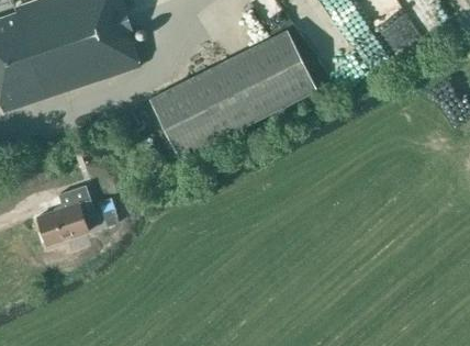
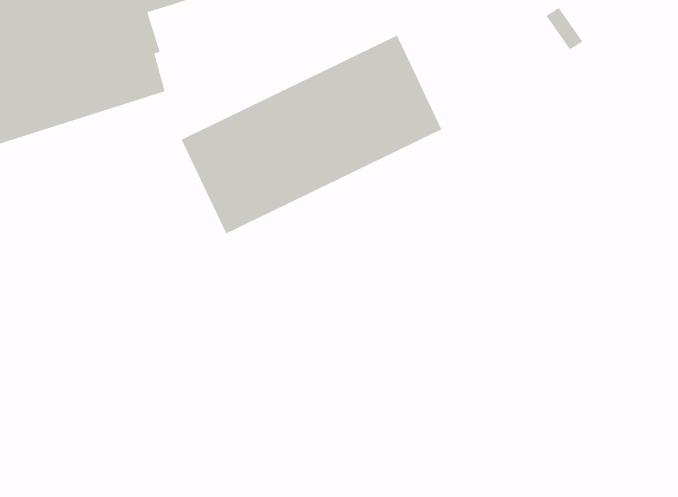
building: [37,185,97,252] -> none

